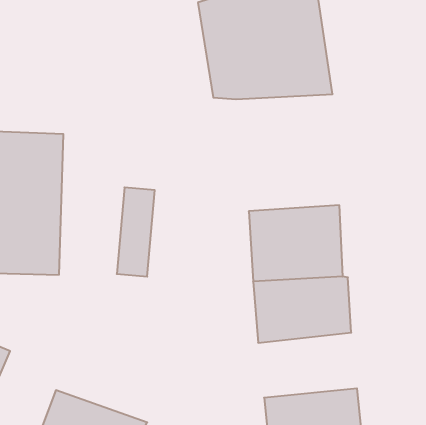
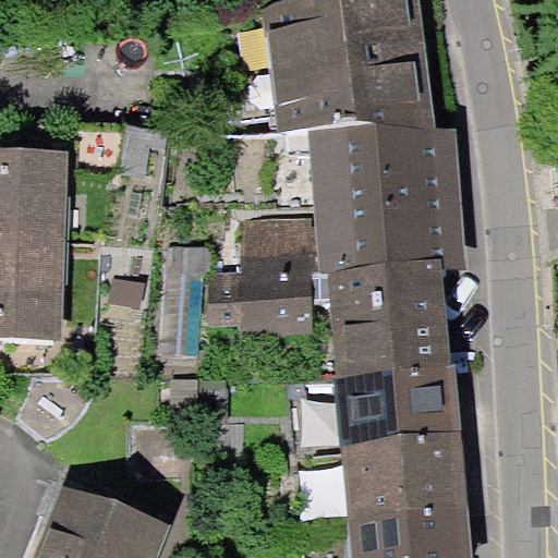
building: none -> [308,123,463,275]
building: none -> [203,219,310,331]
building: none -> [337,430,464,514]

